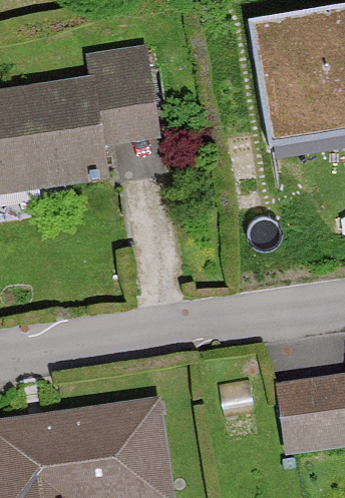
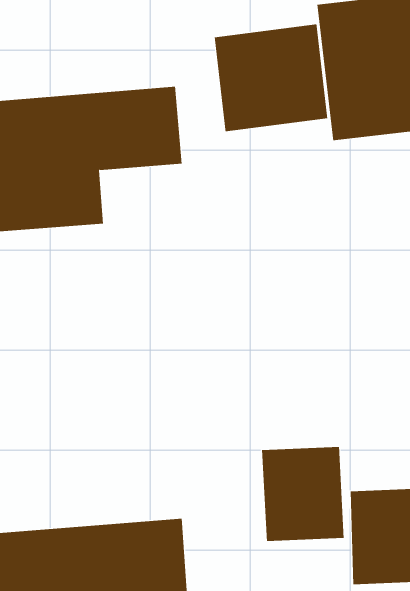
building: none -> [214,24,328,132]
building: none -> [262,446,344,542]

